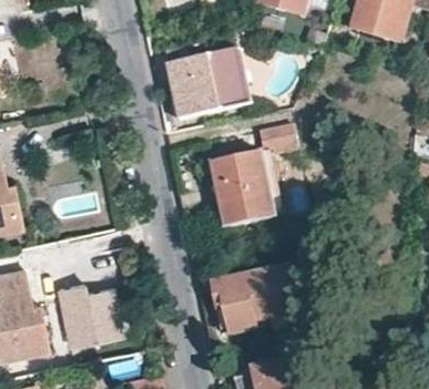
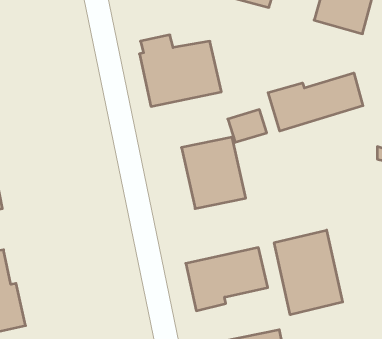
building: none -> [268,73,363,131]
building: none -> [274,230,343,315]
building: [55,281,125,348] -> none

